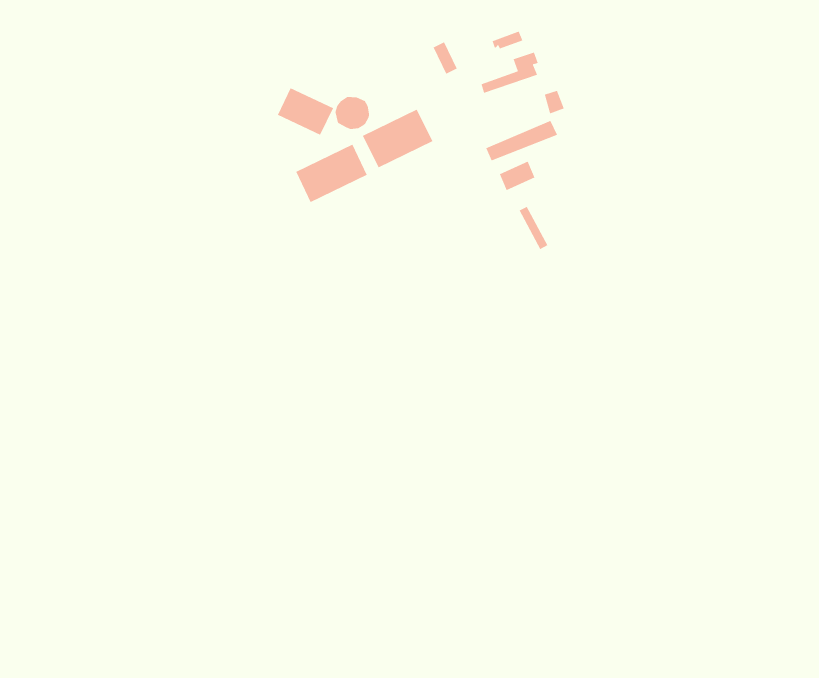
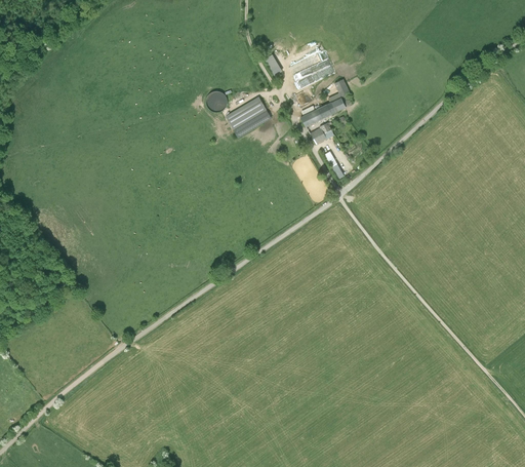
building: [277,87,334,136] -> none
building: [295,143,368,203] -> none

